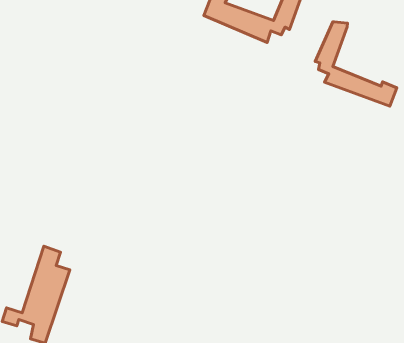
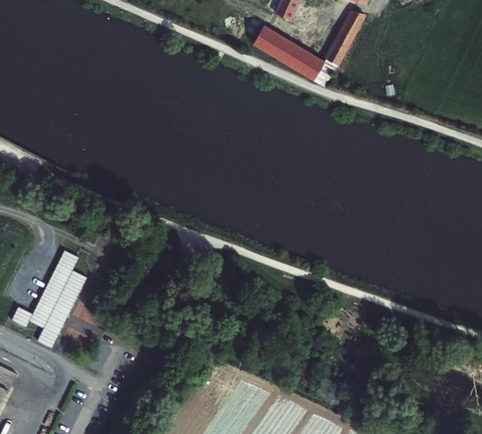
building: [315,22,397,106] -> none

